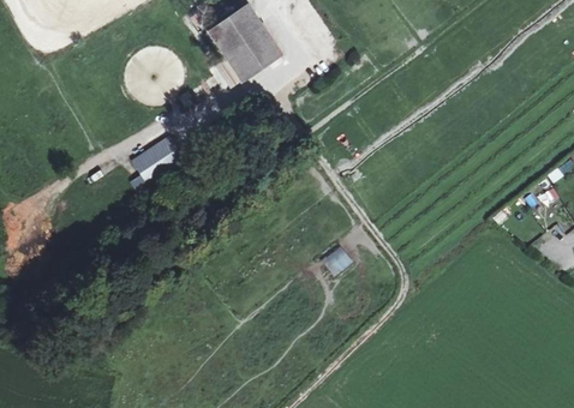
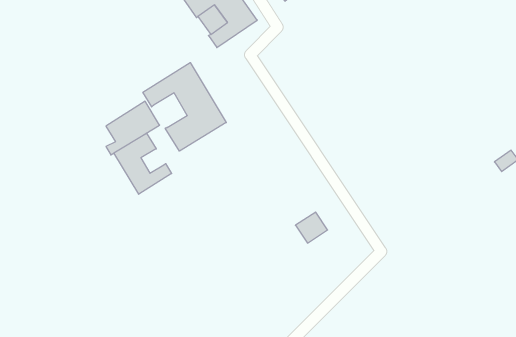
building: none -> [143,63,226,151]
building: none -> [114,133,172,194]

